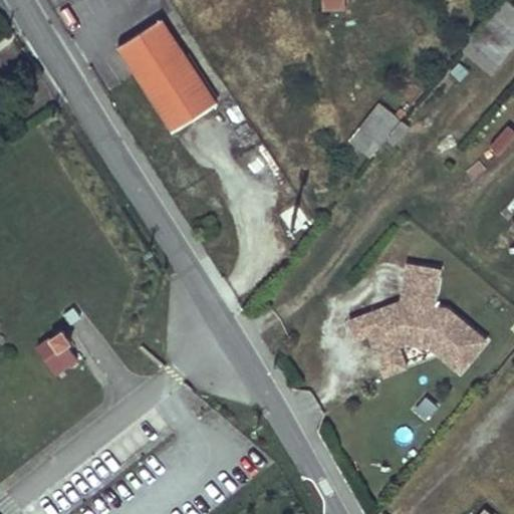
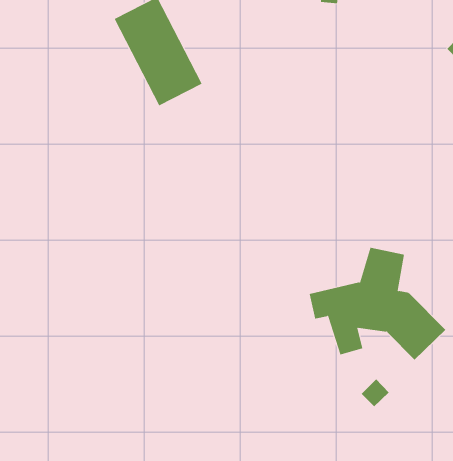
building: [354,110,404,163] -> none
building: [37,327,78,372] -> none

